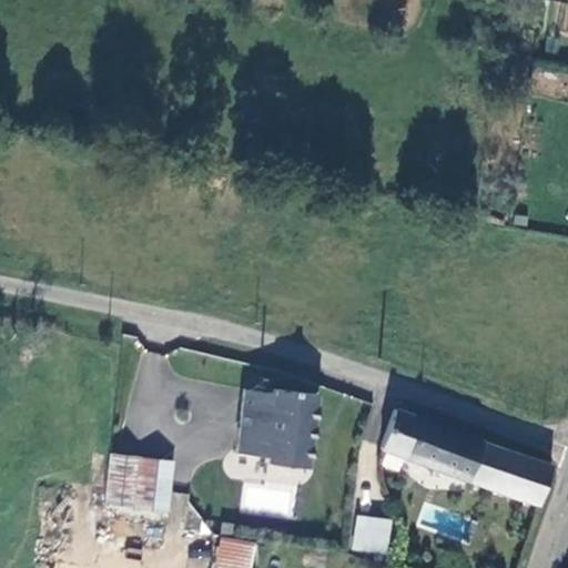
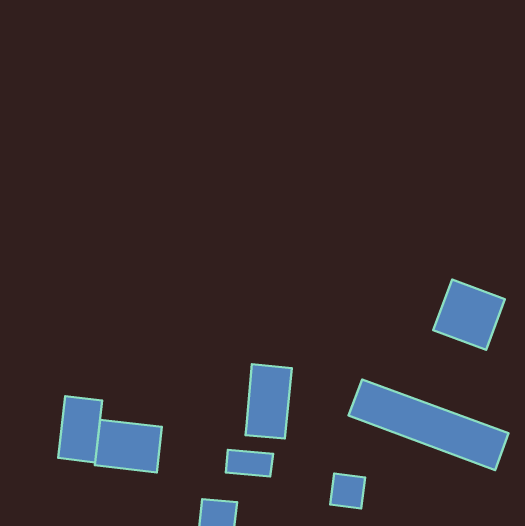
building: none -> [433,279,505,350]
building: [235,389,273,459] -> none
building: none -> [58,396,102,462]

